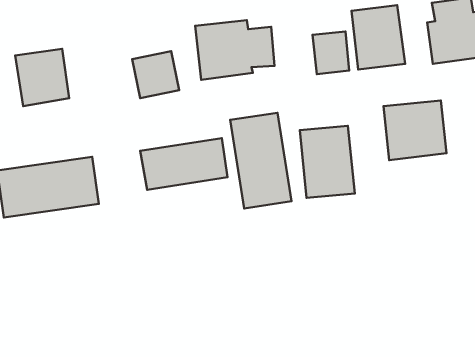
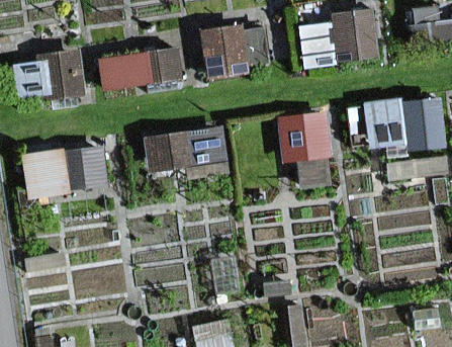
building: [230,113,291,209] -> none

